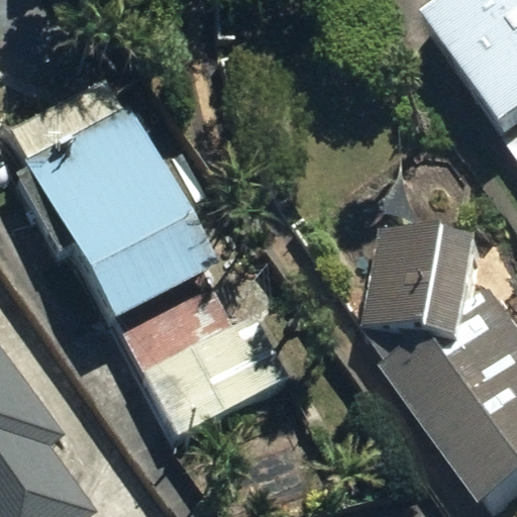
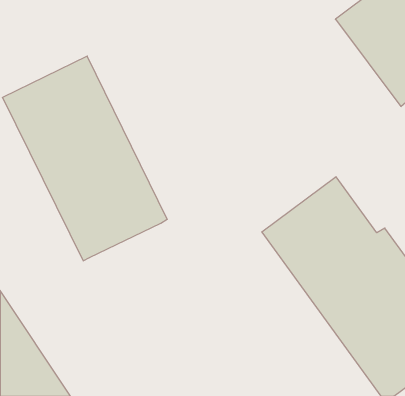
building: [118,282,292,443] -> none

